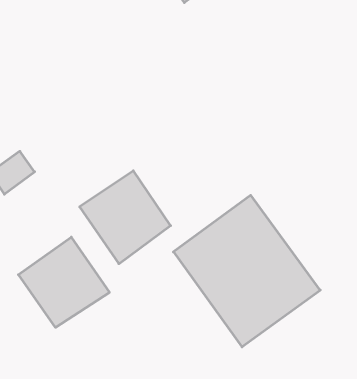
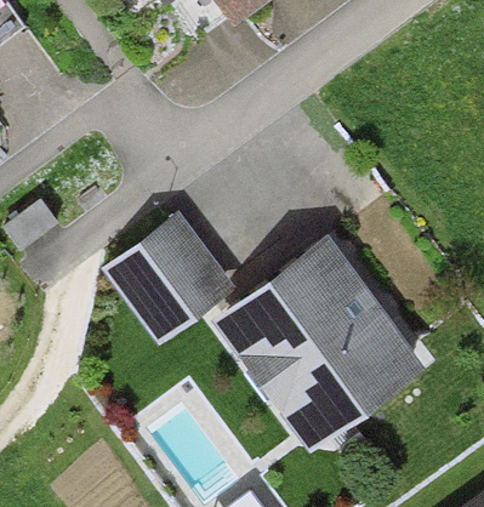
building: [18,237,109,327] -> none

